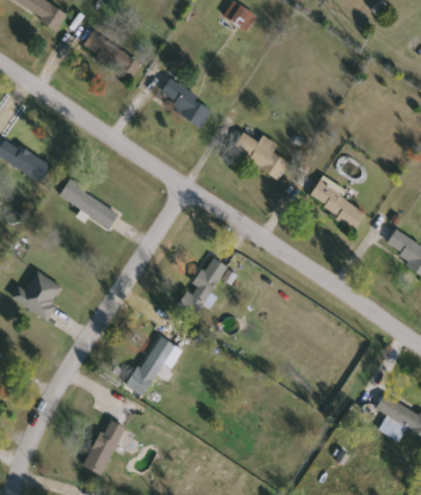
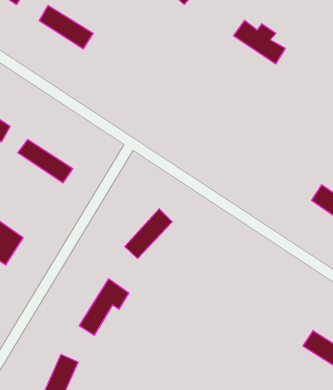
building: [159,78,213,128] -> none
building: [231,130,288,178] -> [234,20,285,64]
building: [307,175,365,230] -> none

